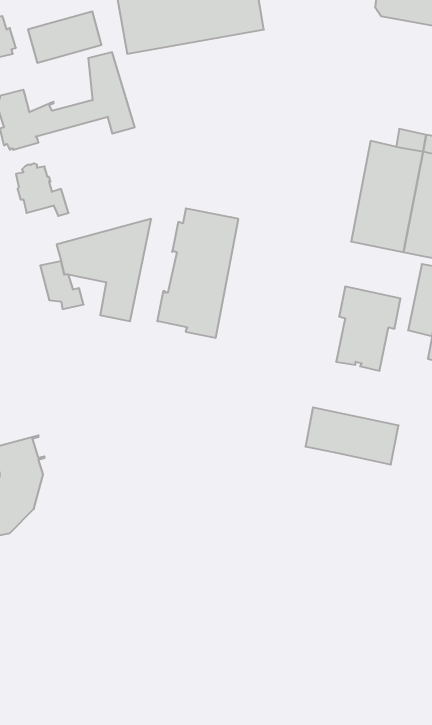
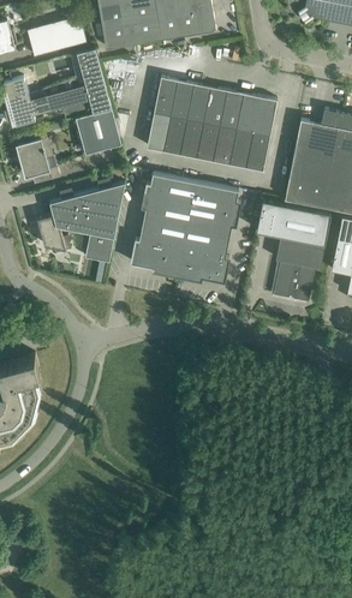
building: none -> [147,77,276,171]
building: none -> [74,108,121,154]
building: none -> [177,181,239,282]
building: [305,407,399,465] -> [256,199,330,245]

